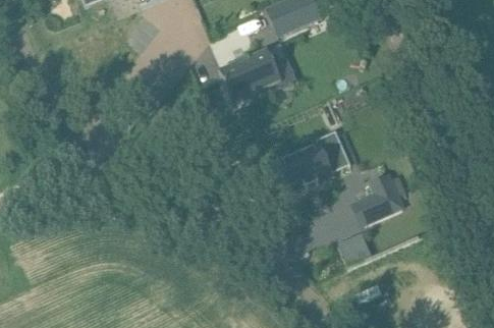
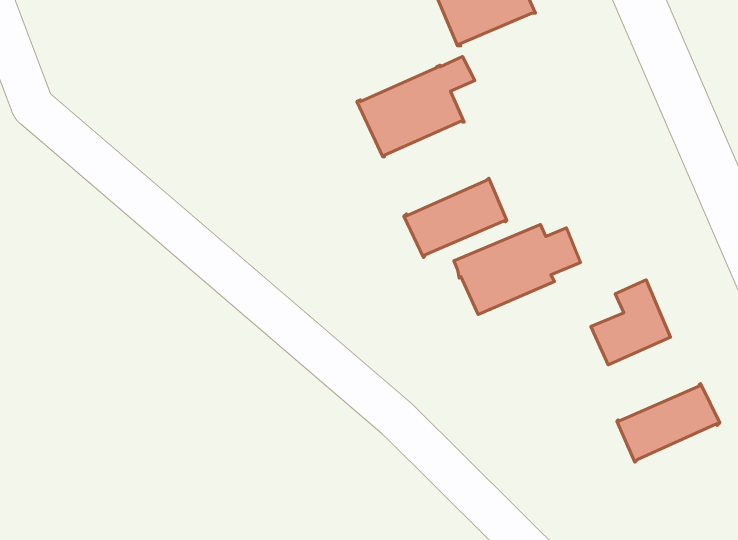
building: none -> [404,178,507,258]
building: none -> [617,383,720,462]

